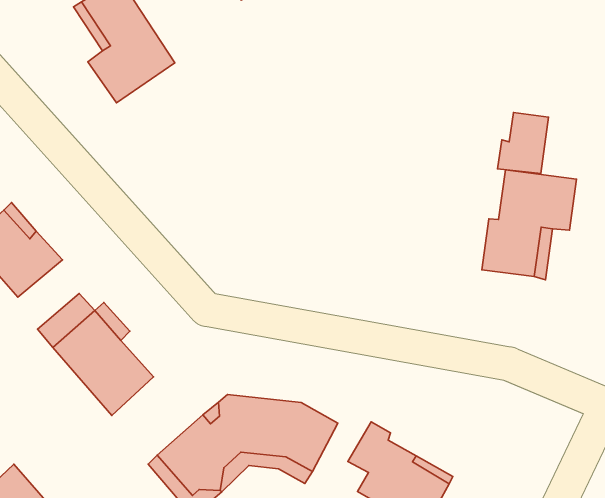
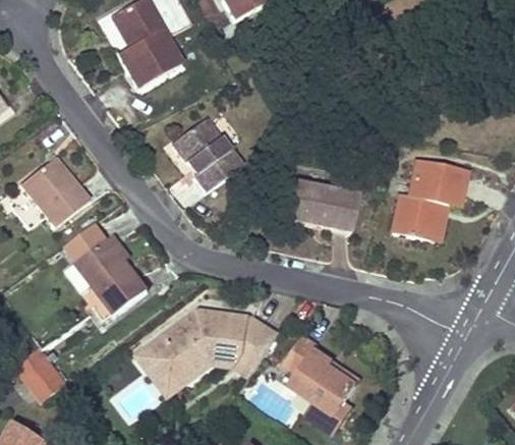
building: [497,113,548,174] -> none
building: none -> [172,117,240,191]
building: none -> [285,179,356,232]

